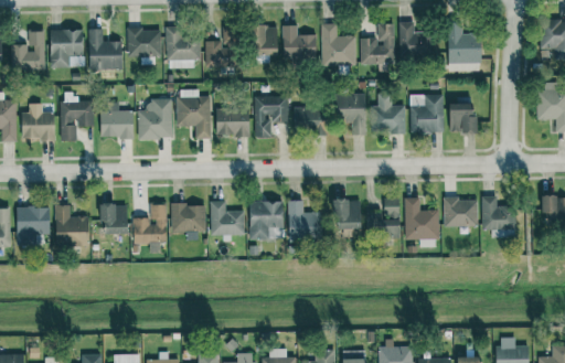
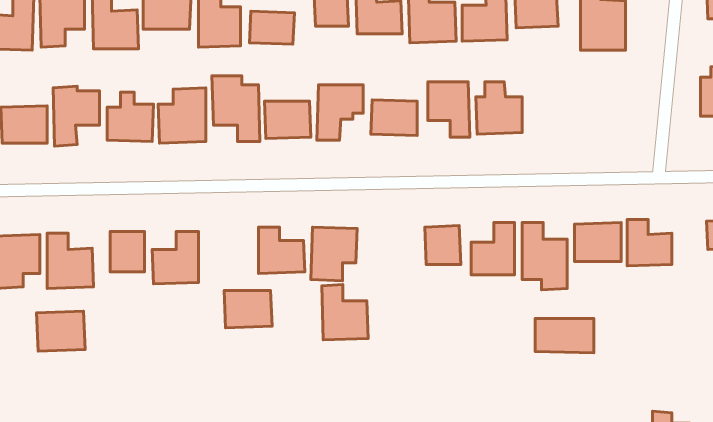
building: [411,94,444,132] -> none
building: [449,104,477,132] -> none
building: [288,200,322,241] -> [322,284,368,340]
building: [171,204,206,232] -> [224,290,272,328]
building: none -> [36,311,85,351]
building: none -> [535,319,594,353]

